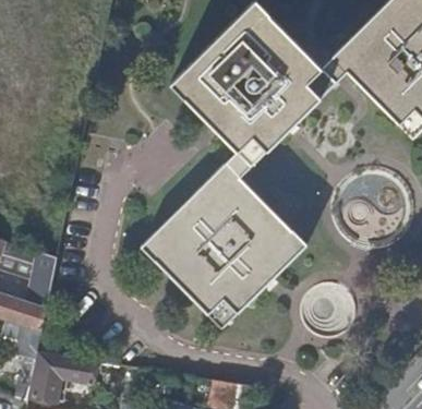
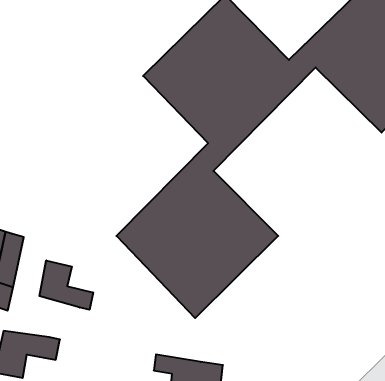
building: none -> [39,260,93,310]

